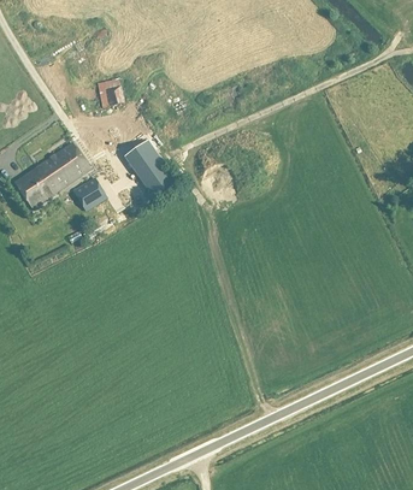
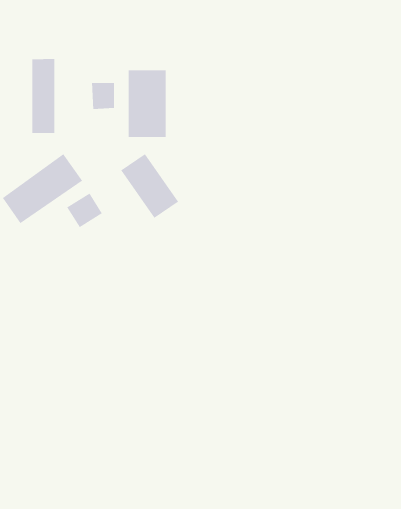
building: none -> [32,58,55,134]
building: none -> [128,70,166,138]

